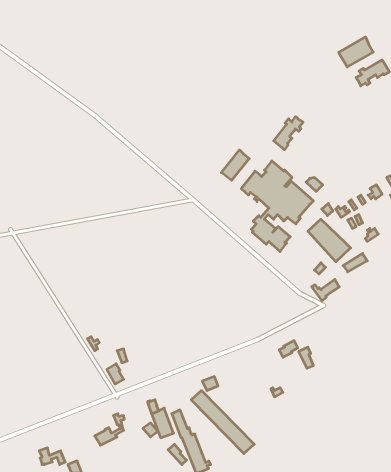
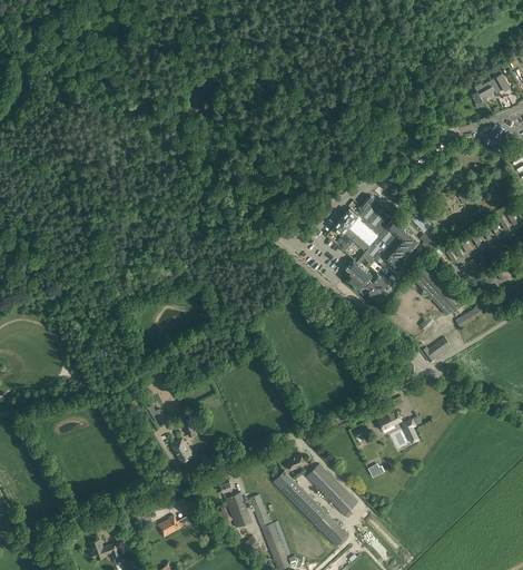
building: [339,37,373,67] -> none
building: [274,117,303,150] -> none
building: [221,150,249,180] -> none
building: none -> [306,464,357,515]

